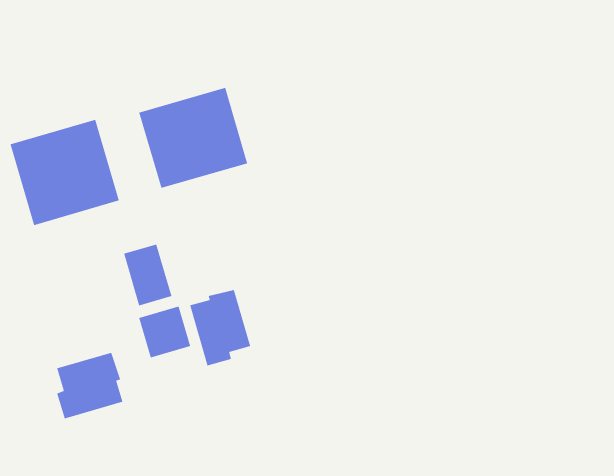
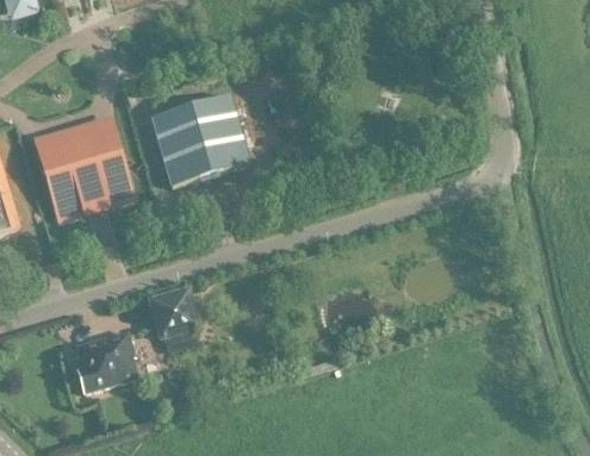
building: [123,243,172,306] -> none
building: [189,289,251,366] -> none

